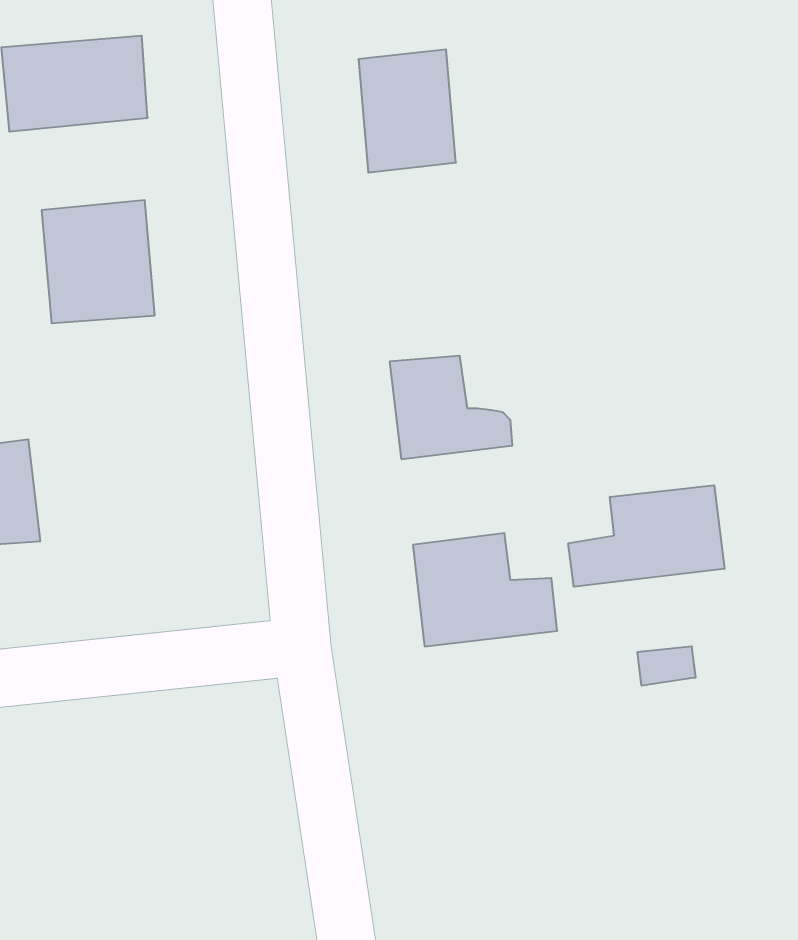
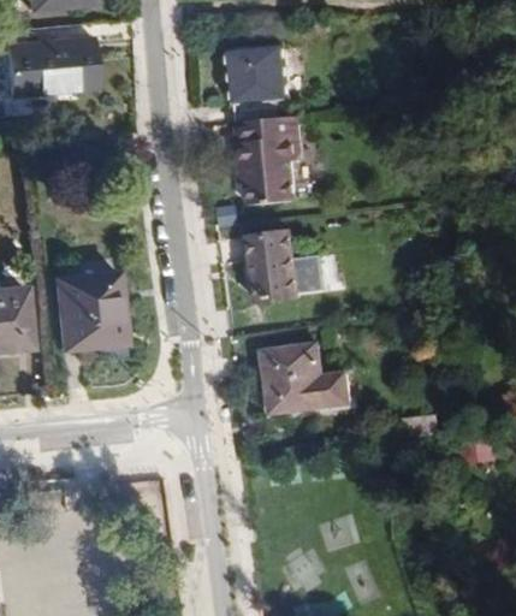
building: none -> [235,114,302,202]
building: [42,200,155,323] -> [57,273,126,349]
building: [568,485,724,587] -> none

